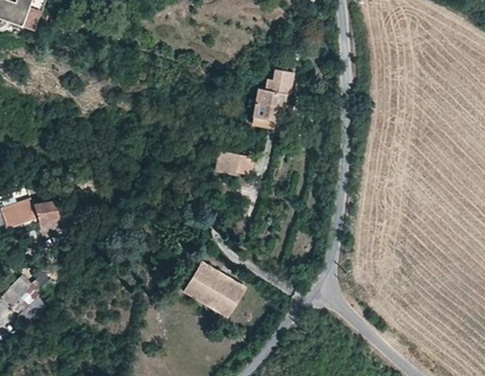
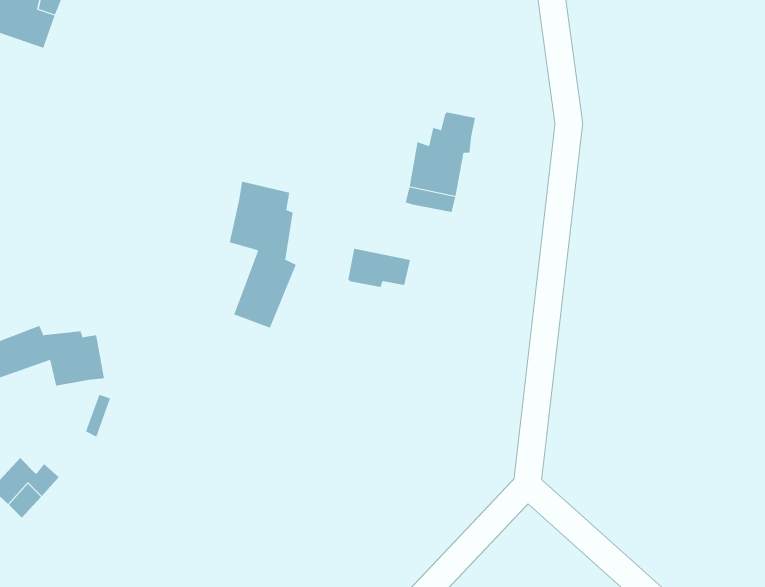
building: none -> [229,181,297,328]
building: [183,261,244,316] -> none

